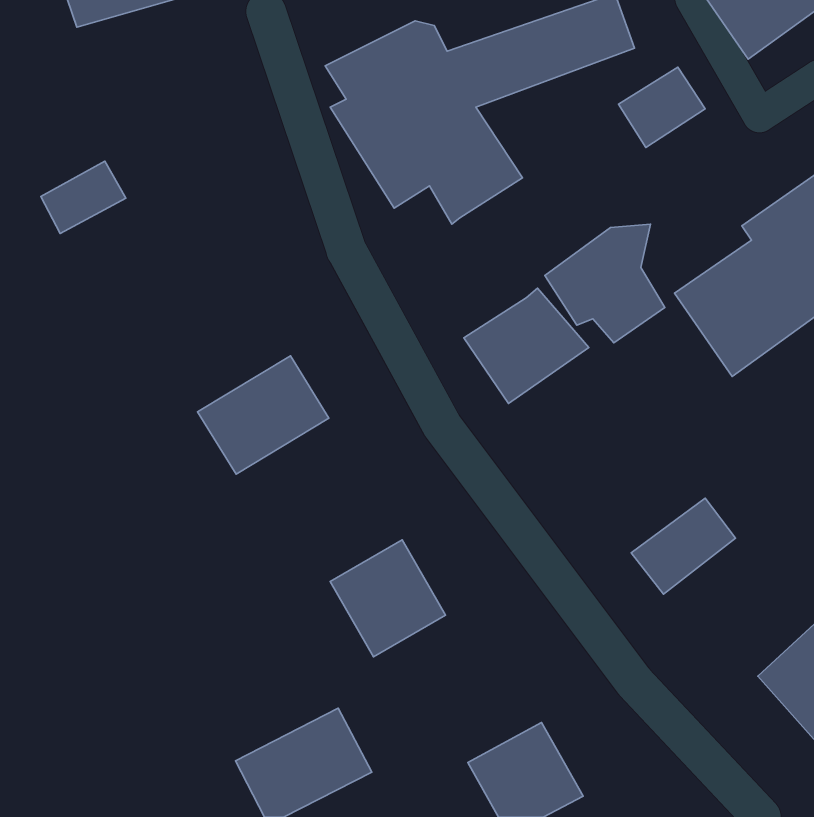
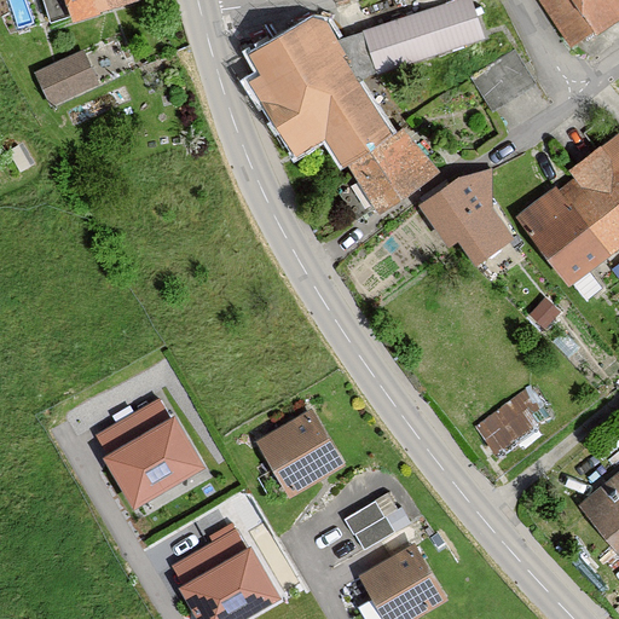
building: [41,161,126,233] -> [34,51,98,105]
building: [464,288,589,404] -> [351,127,445,214]
building: [198,356,329,474] -> [108,406,207,496]
building: none -> [343,493,410,555]

